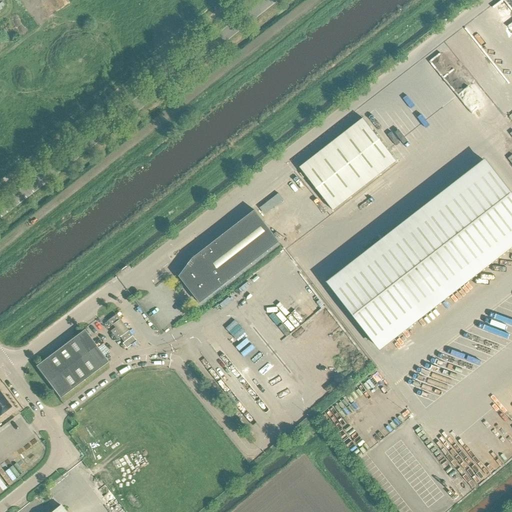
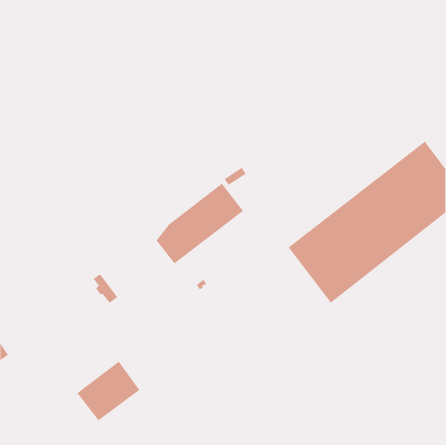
building: [299,117,396,209] -> none
building: [34,328,107,397] -> [76,361,140,421]

